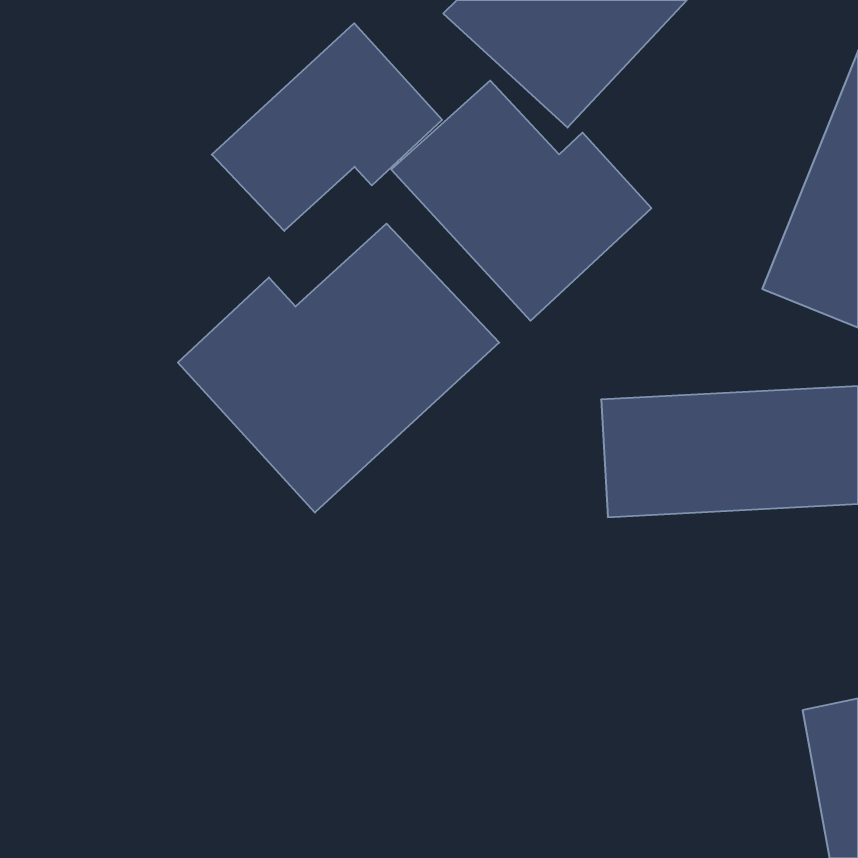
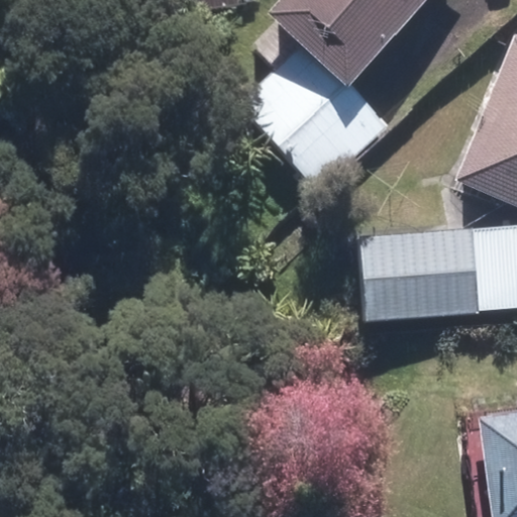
building: [212,23,442,231] -> none
building: [178,224,499,513] -> none

